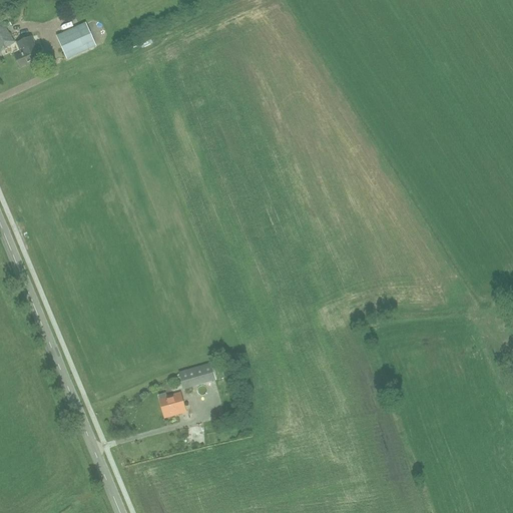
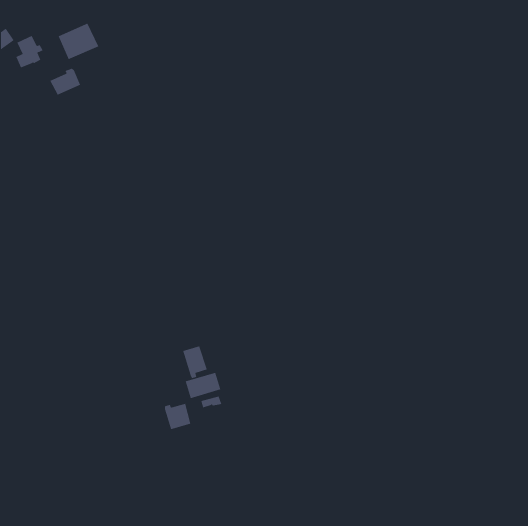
building: none -> [50,68,81,95]
building: none -> [183,345,208,379]

